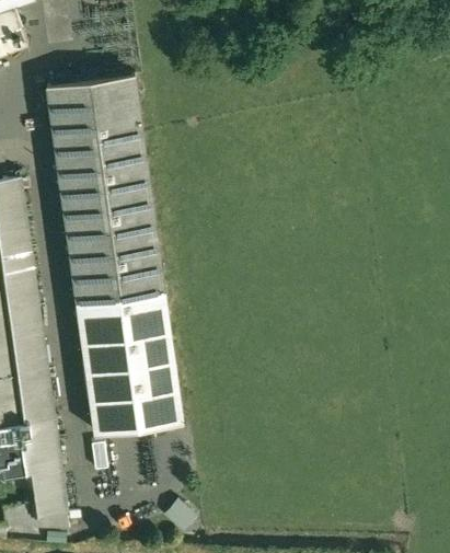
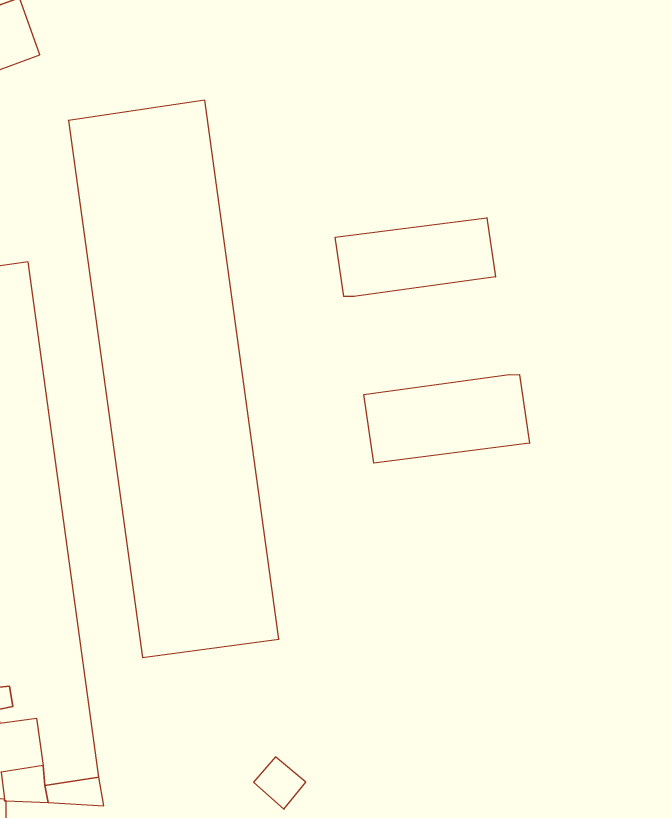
building: none -> [335,218,495,296]
building: none -> [364,375,529,463]

